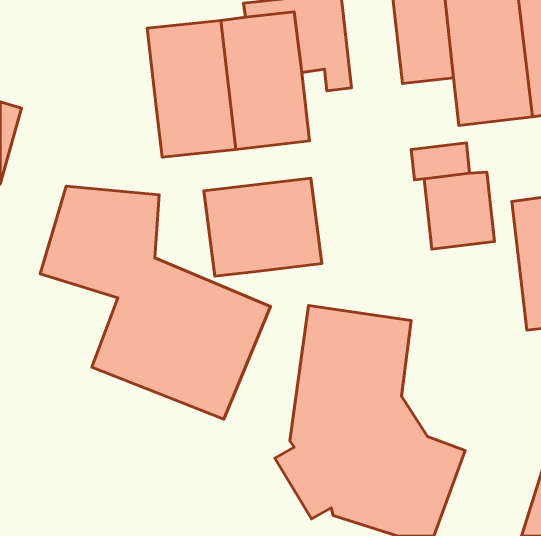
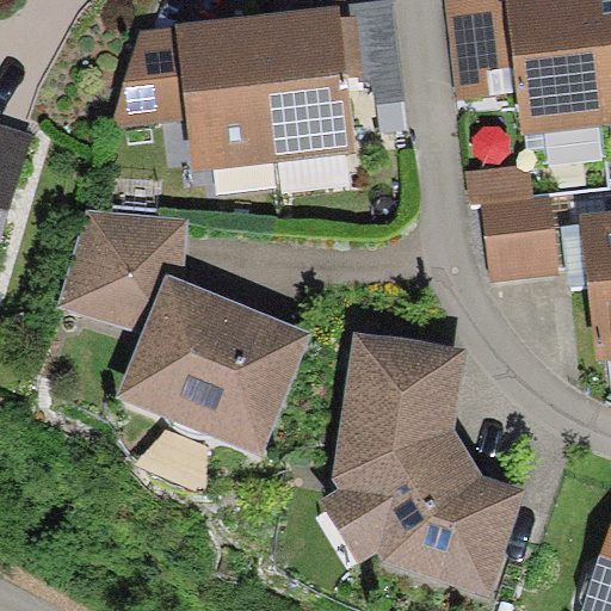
building: none -> [109,21,185,125]
building: [204,178,322,276] -> none

